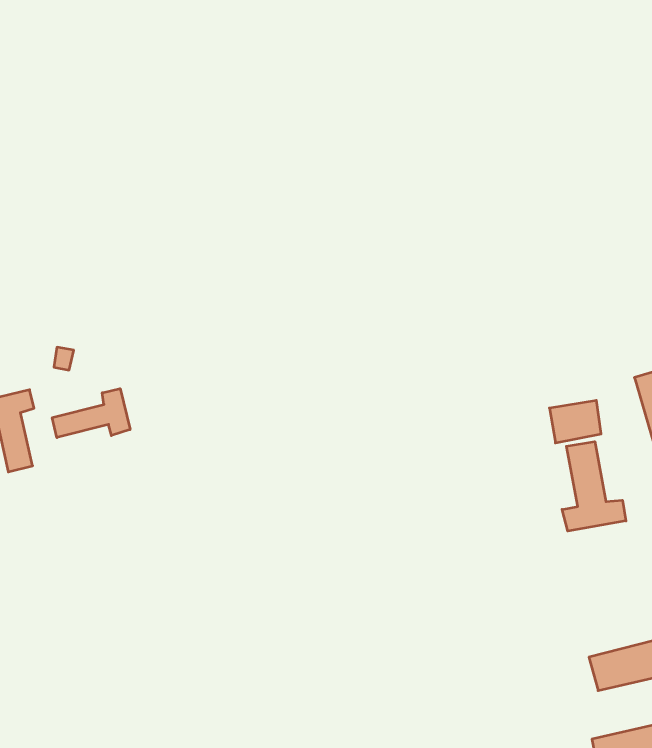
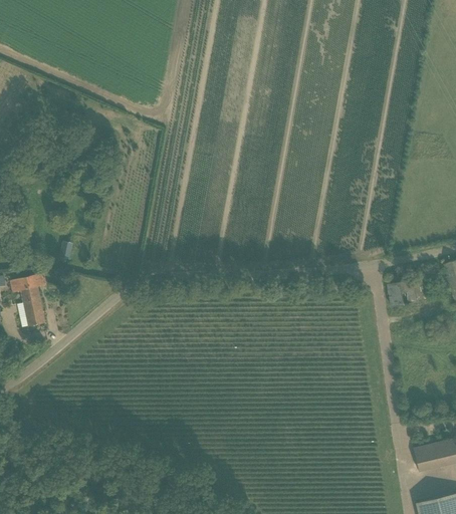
building: [52,389,130,438] -> none
building: [562,442,626,531] -> none

